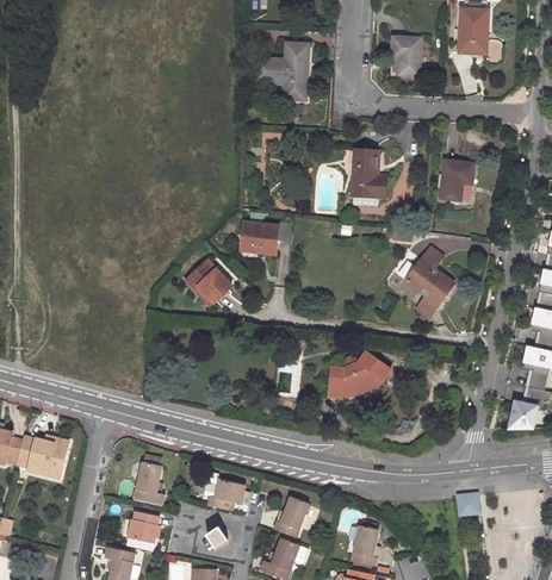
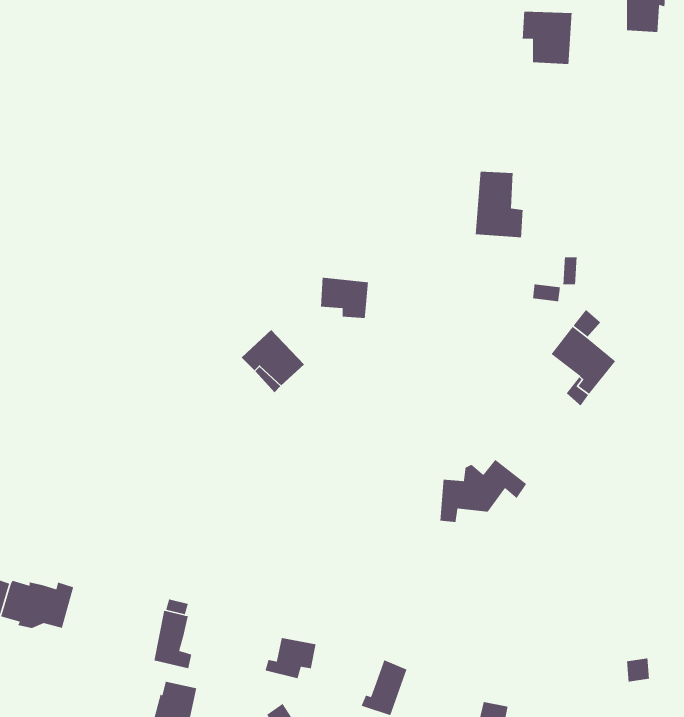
building: [258,44,309,100] -> none
building: [444,160,476,200] -> none

